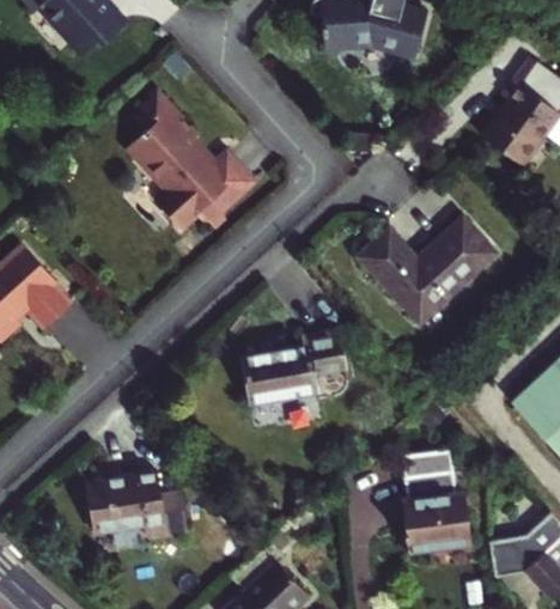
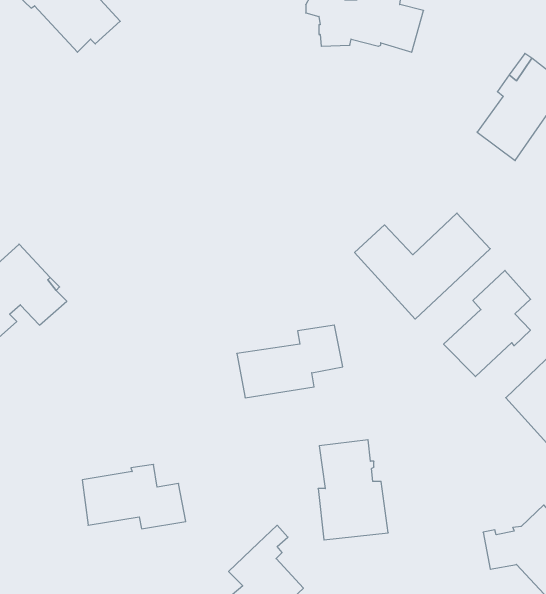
building: [134,96,251,231] -> none
building: none -> [444,270,531,377]
building: [402,451,473,552] -> [318,440,388,540]

